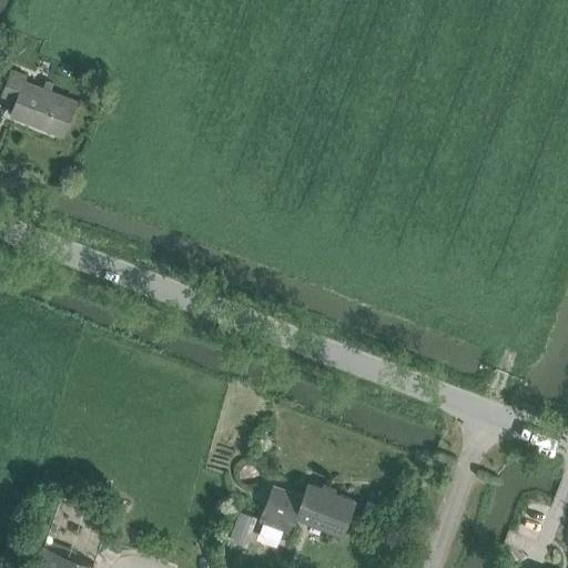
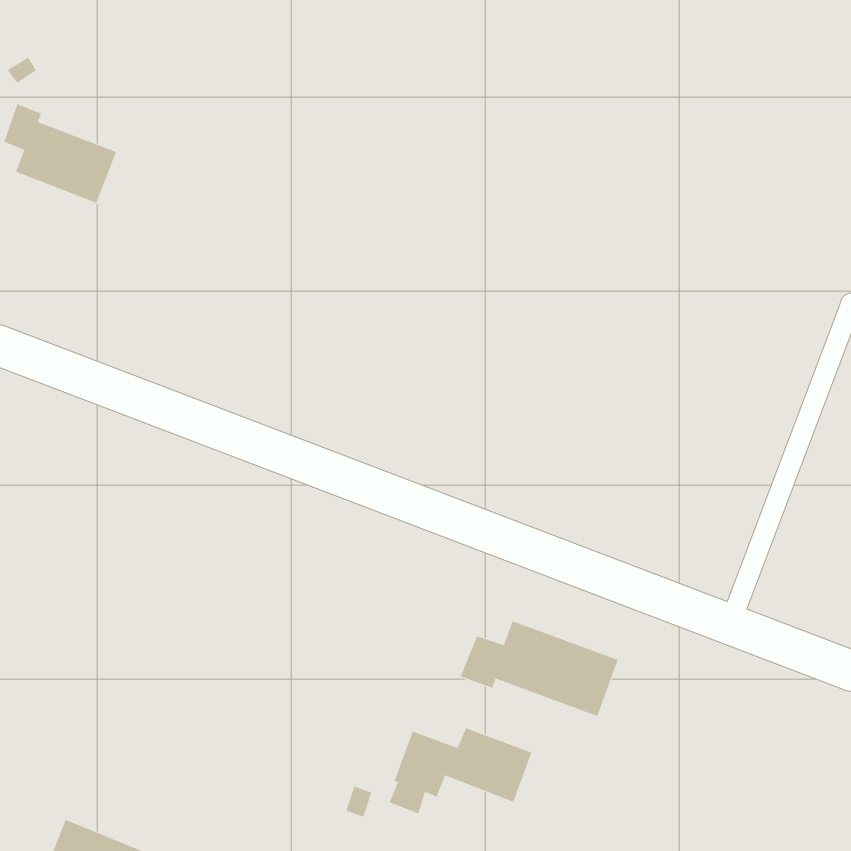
building: none -> [460,621,619,717]

